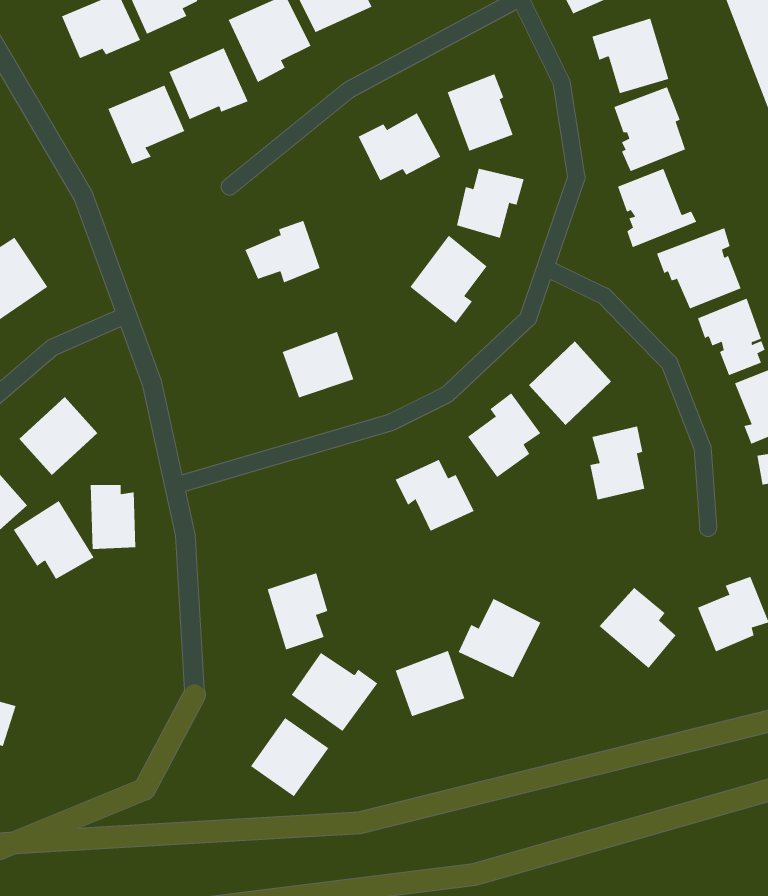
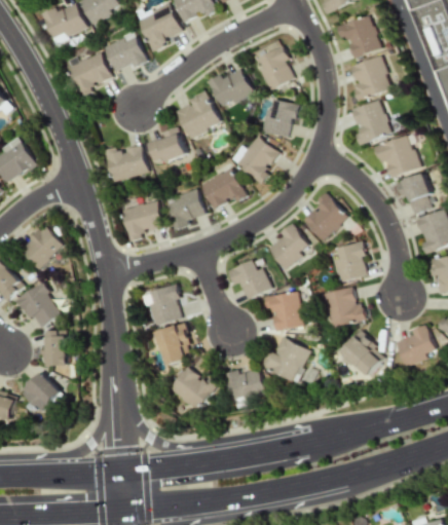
building: none -> [176,90,222,139]
building: none -> [106,145,148,182]
building: none -> [201,168,246,210]
building: none -> [121,200,163,241]
building: [90,484,136,549] -> [43,331,69,367]
building: none -> [146,286,182,326]
building: none -> [326,287,366,327]
building: none -> [265,292,303,331]
building: none -> [23,372,63,412]
building: [250,717,329,797] -> none

